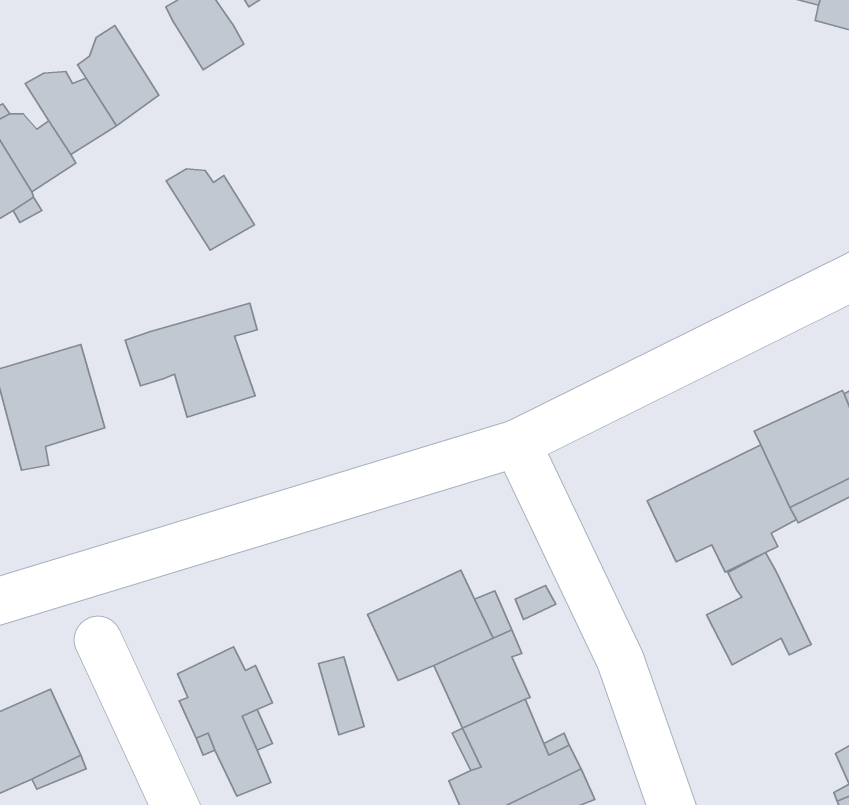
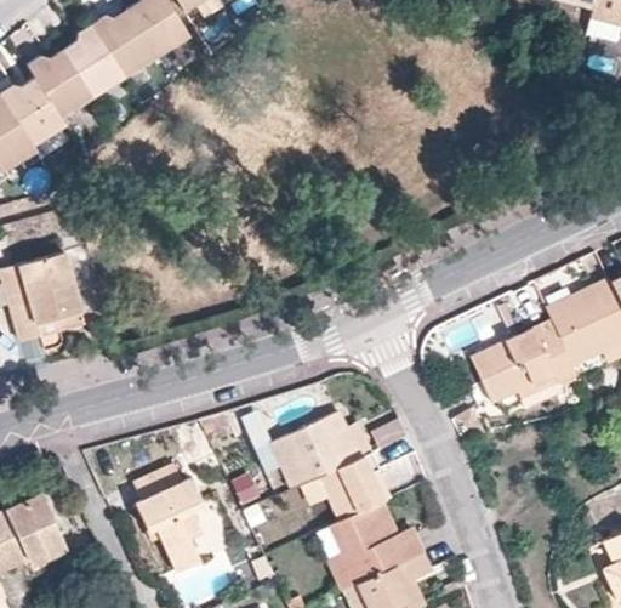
building: [166,169,254,250] -> [89,13,152,72]
building: [125,303,257,417] -> none
building: [706,553,811,665] -> none

